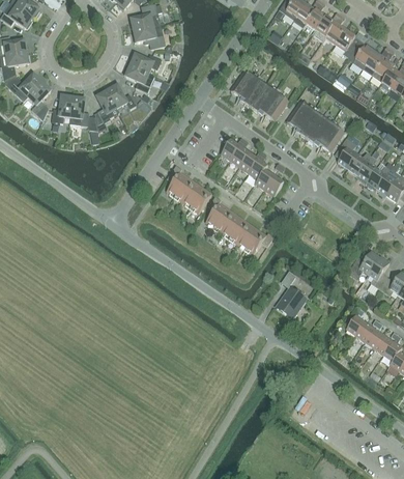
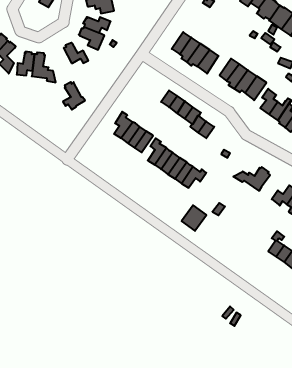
building: [94,89,120,121] -> [63,82,85,110]
building: none -> [233,167,270,191]
building: [277,286,306,316] -> [182,205,206,231]

